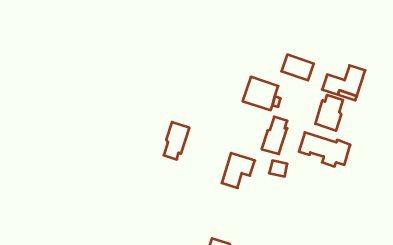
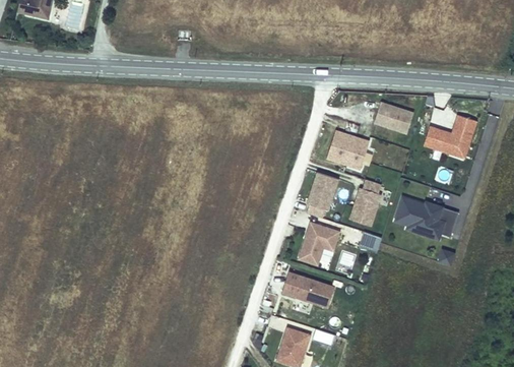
building: [315,95,343,131] -> none
building: [164,122,189,159] -> [307,172,338,218]
building: none -> [282,271,336,308]

